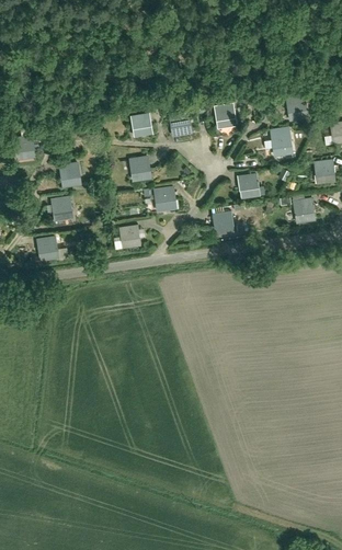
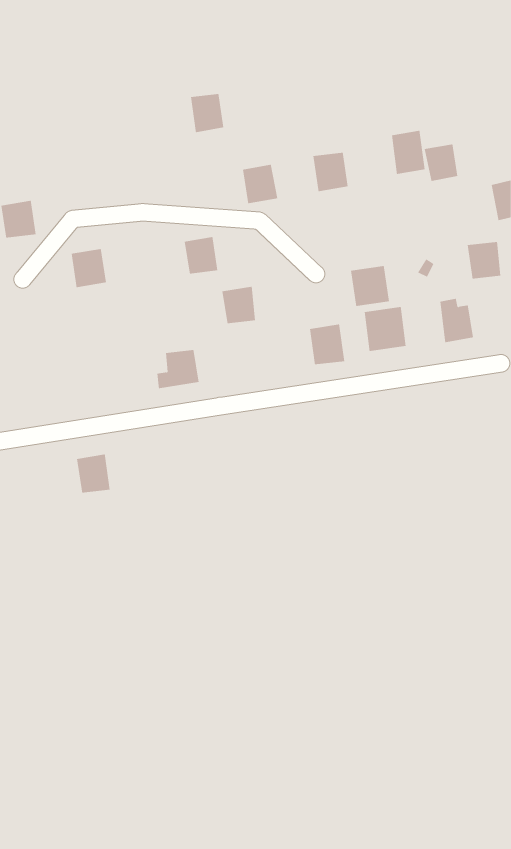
building: [130,112,152,137] -> [190,93,224,133]
building: [270,127,292,156] -> [391,130,425,175]
building: [48,197,72,222] -> none
building: none -> [364,306,406,352]
building: [39,237,61,262] -> [76,454,111,493]

